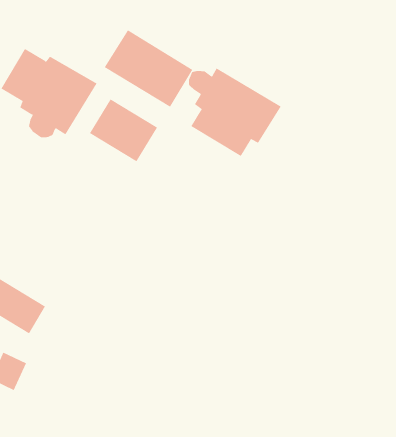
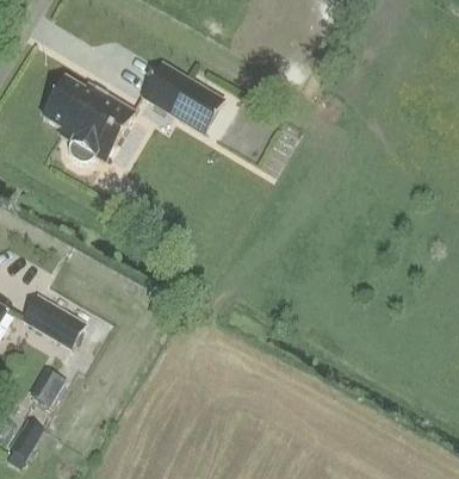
building: [188,67,282,157] -> none
building: [89,99,158,162] -> none

